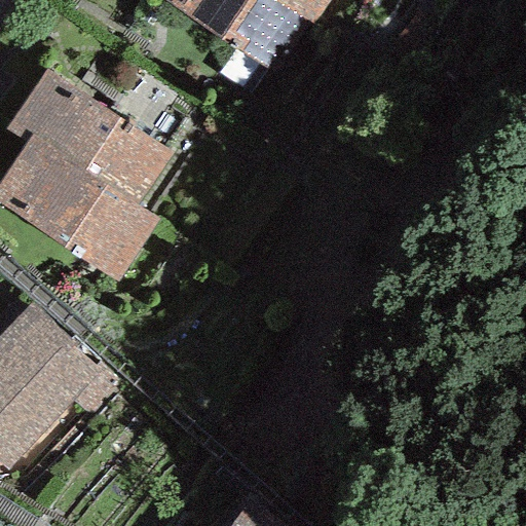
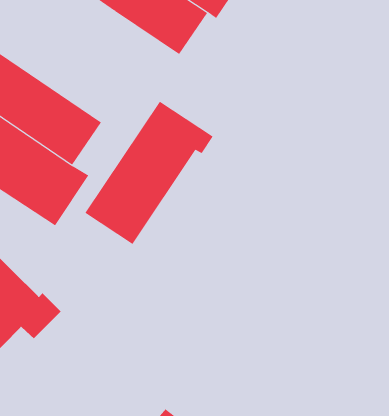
building: none -> [85,101,213,245]

